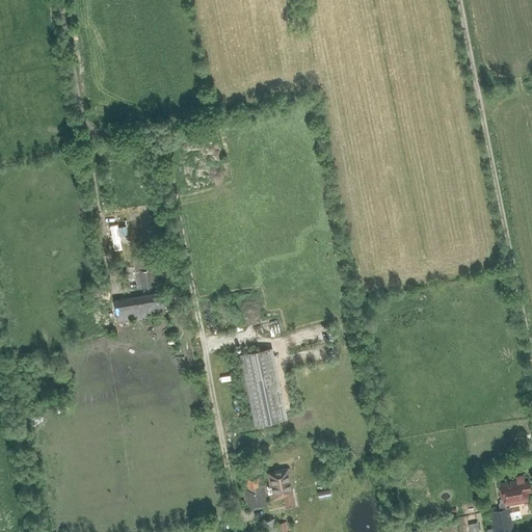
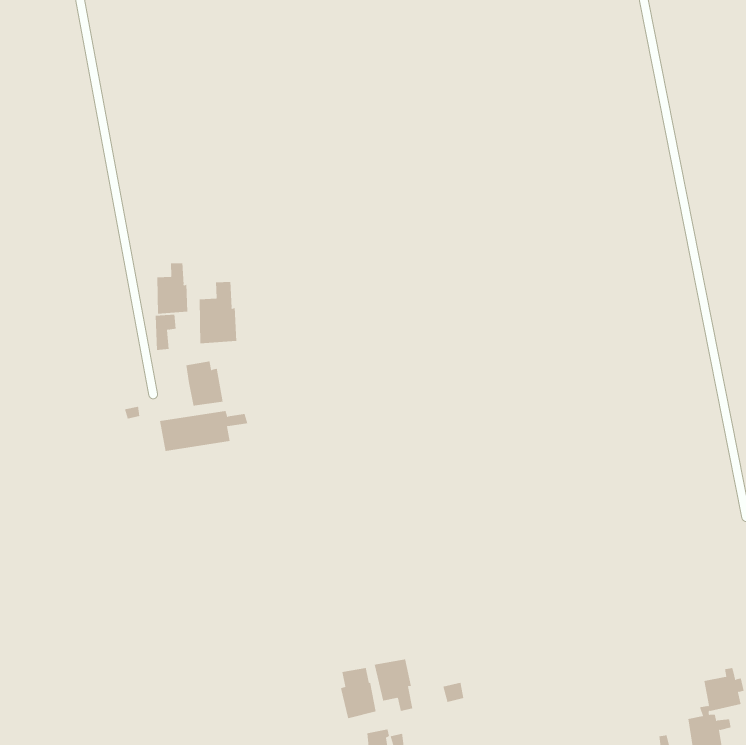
building: none -> [157,262,188,314]
building: none -> [199,281,237,344]
building: [240,350,287,427] -> none

